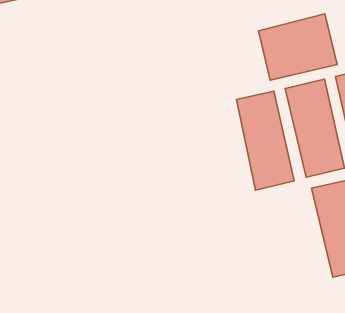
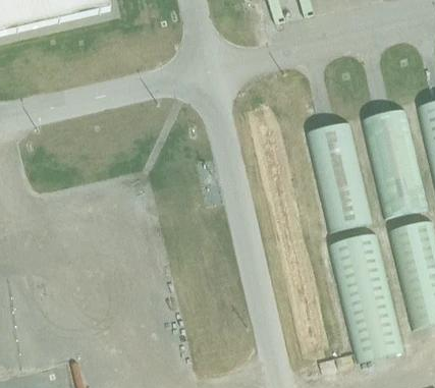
building: [259,14,337,80] -> none
building: none -> [330,233,404,363]

